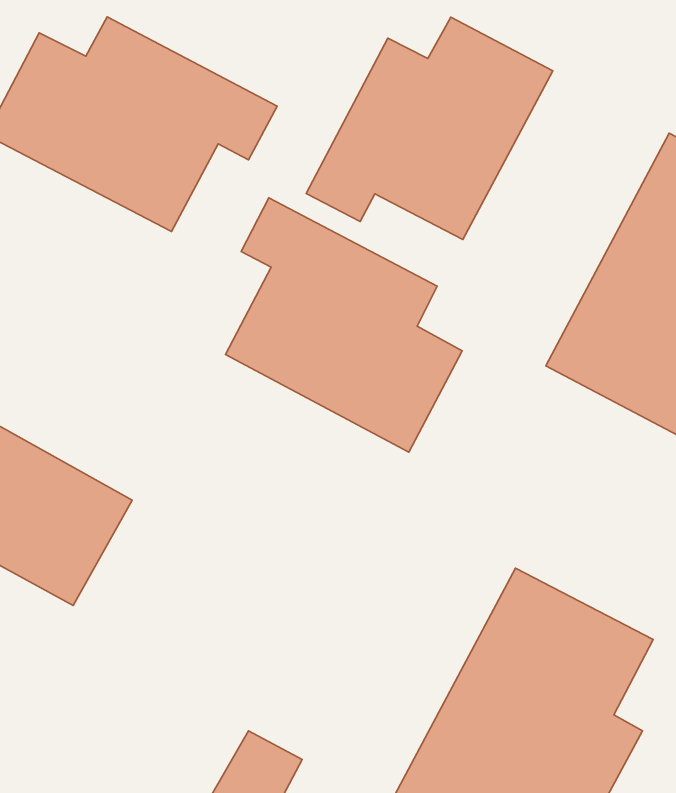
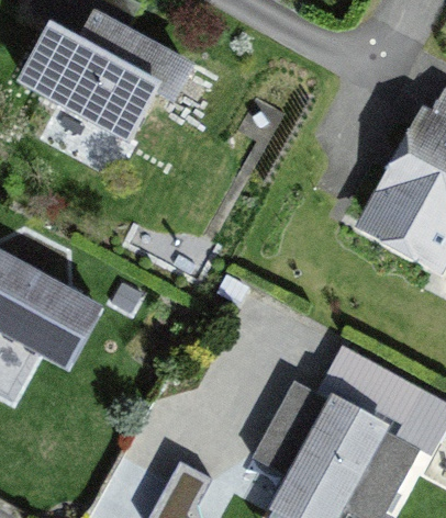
building: [306,17,553,240] -> none
building: [226,198,462,452] -> none

